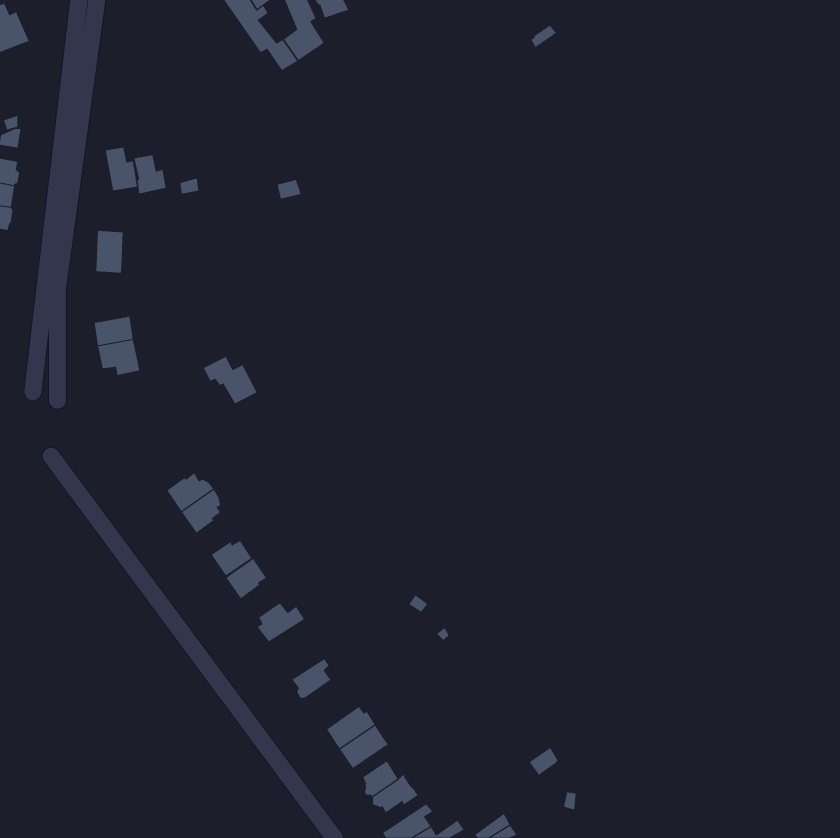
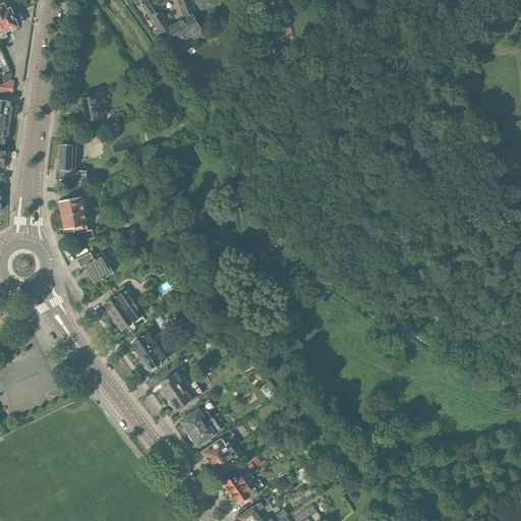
building: [105,147,138,191] -> none
building: none -> [56,168,85,189]
building: [203,356,258,404] -> [76,253,110,283]
building: none -> [166,383,197,409]
building: none -> [188,414,222,444]

